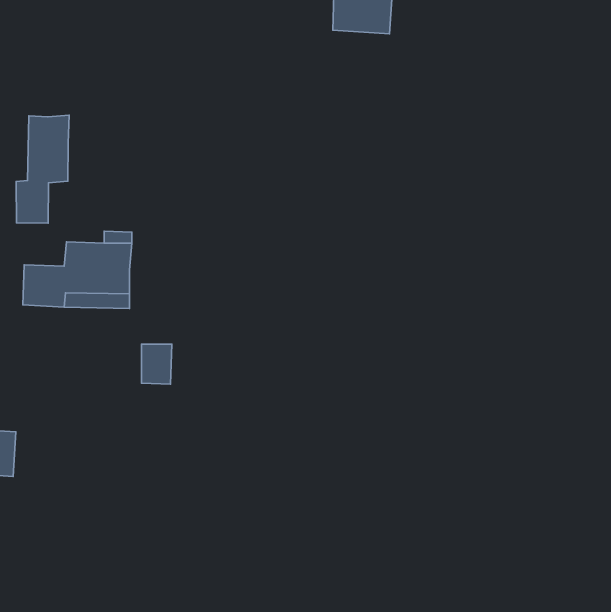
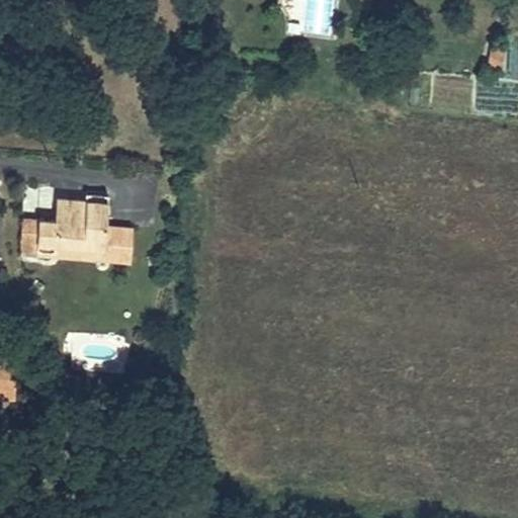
building: [16,115,69,223] -> none
building: [142,344,172,384] -> [108,226,134,259]

